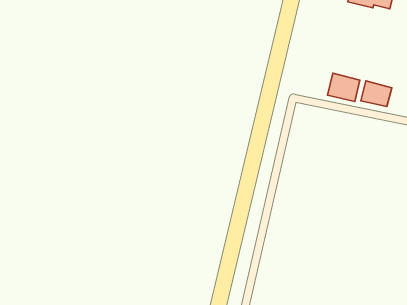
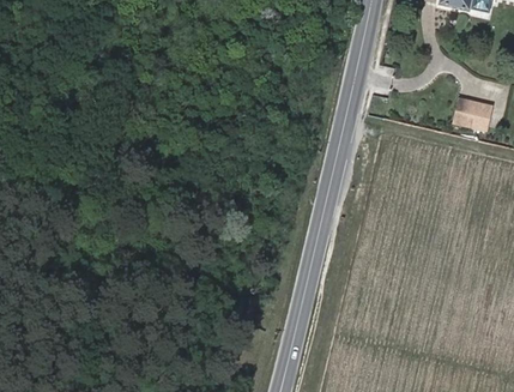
building: [327,73,360,102] -> none

